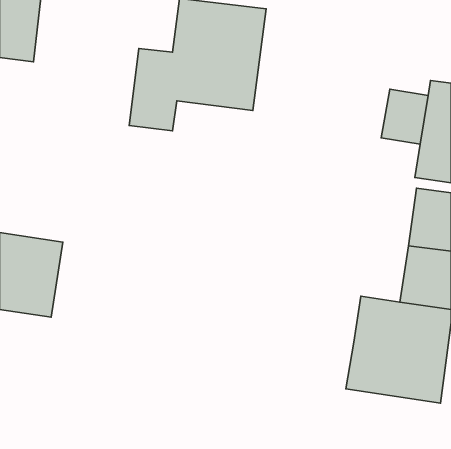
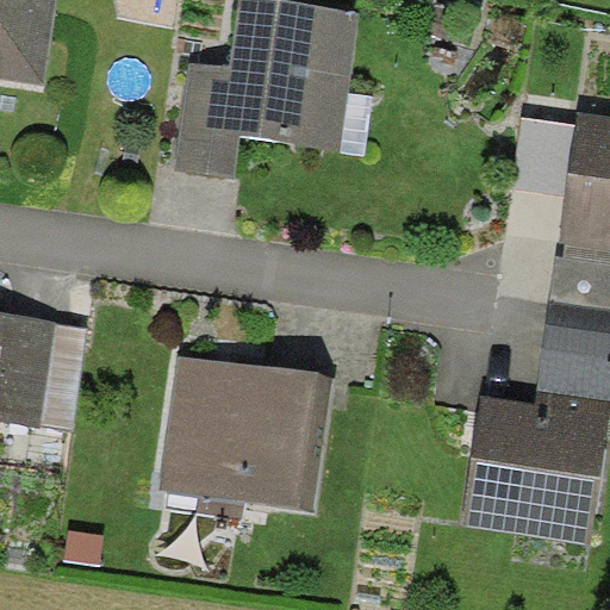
building: none -> [157,354,336,517]

